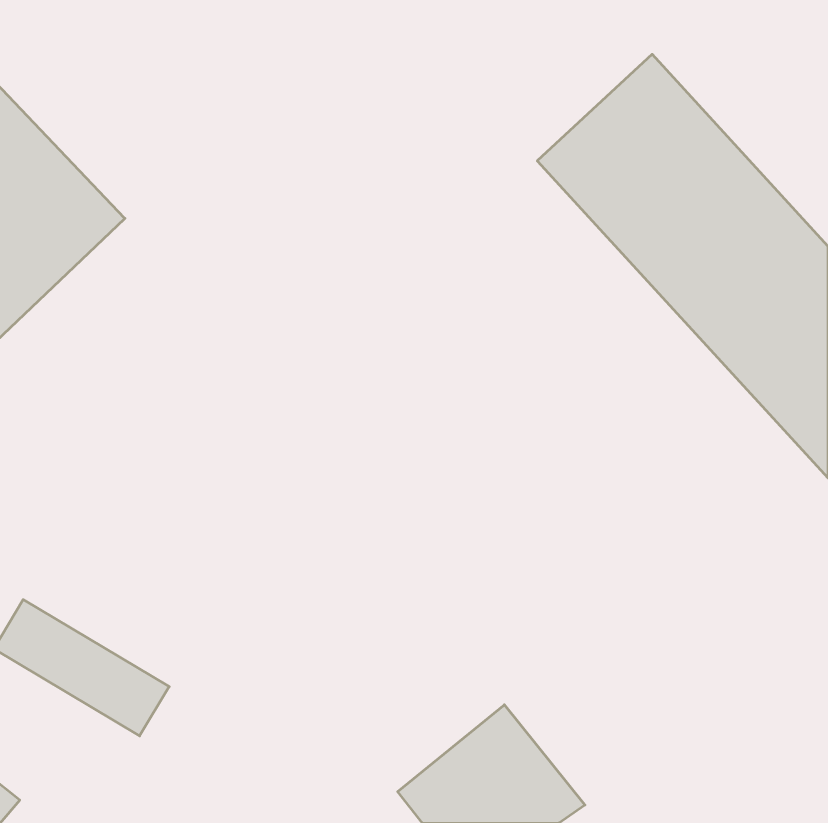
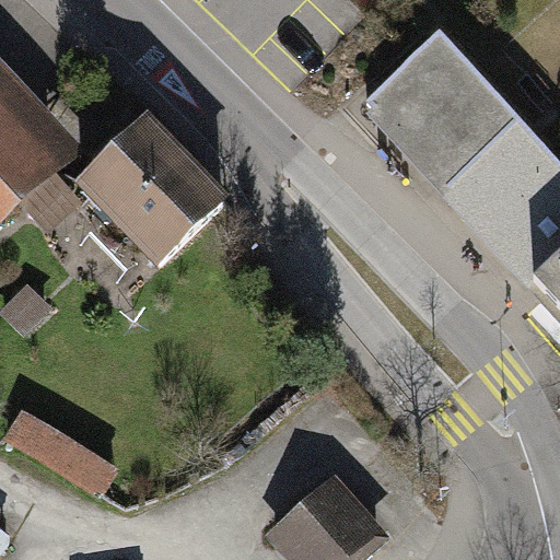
building: none -> [69,107,236,273]

